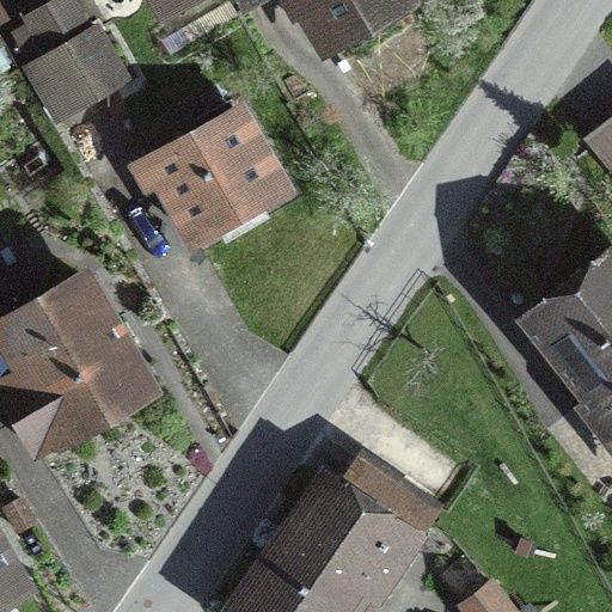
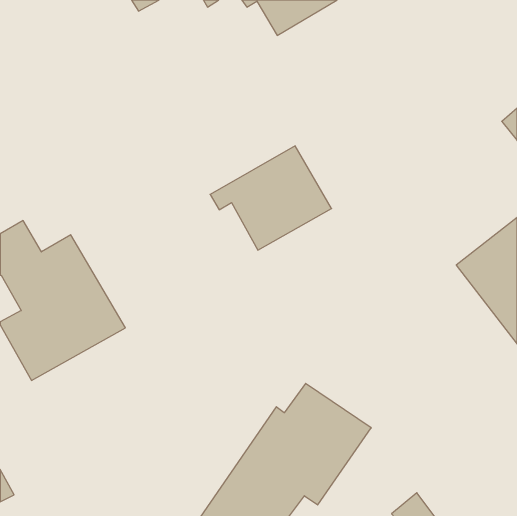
building: [27,27,127,120] -> none
building: [137,112,281,235] -> [210,146,332,250]

